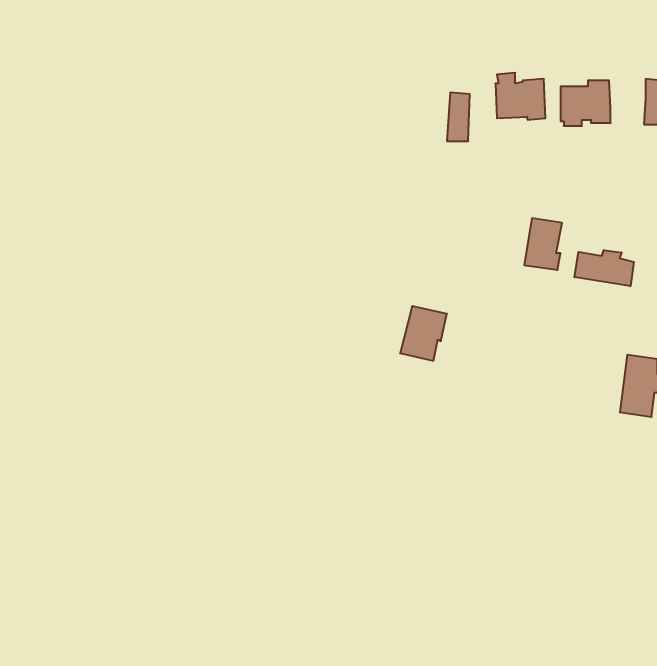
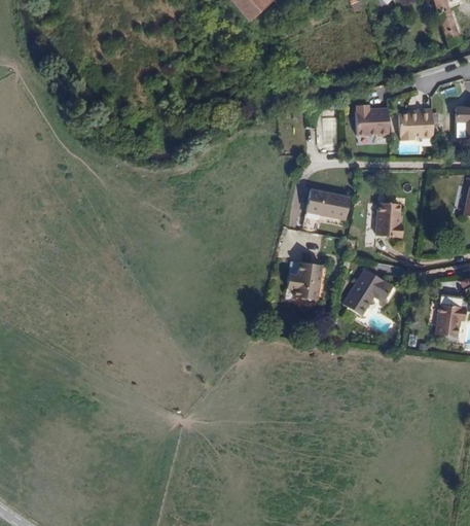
building: none -> [306,188,350,219]
building: [575,250,634,286] -> none
building: none -> [345,275,389,314]

